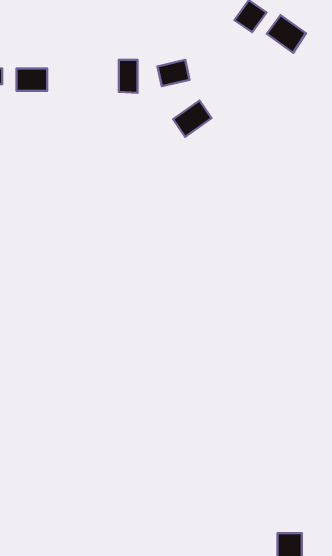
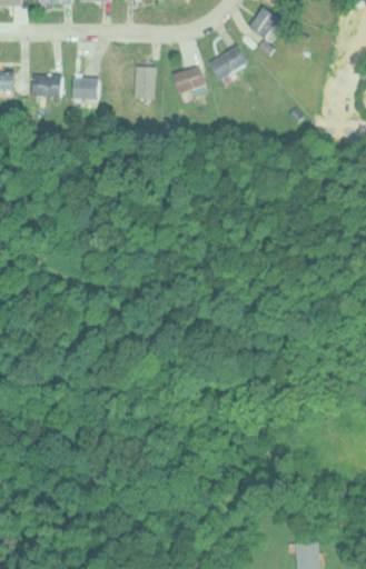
building: [267,15,306,53] -> none
building: none -> [71,78,101,100]
building: [173,100,212,137] -> [210,44,249,81]

